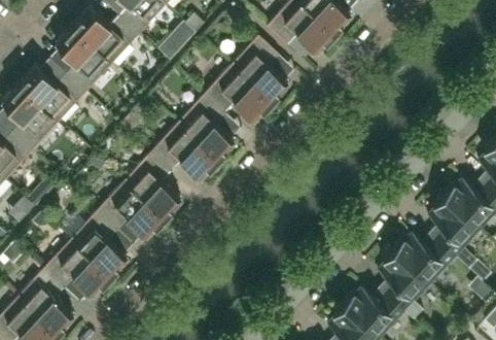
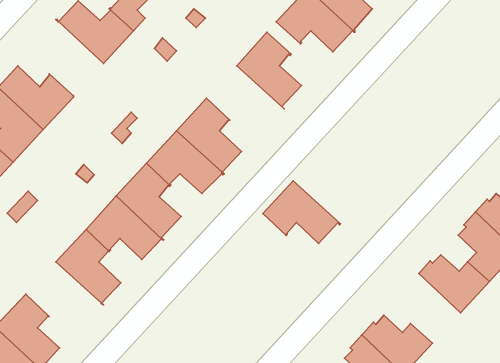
building: [54,25,111,93] -> none
building: [203,66,272,122] -> [263,181,341,244]
building: [42,240,111,296] -> none
building: [376,250,428,320] -> none

